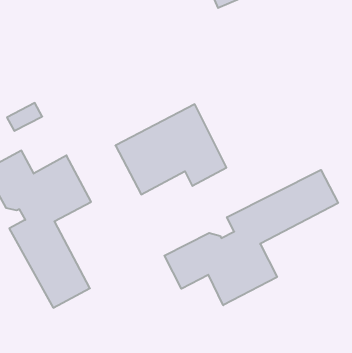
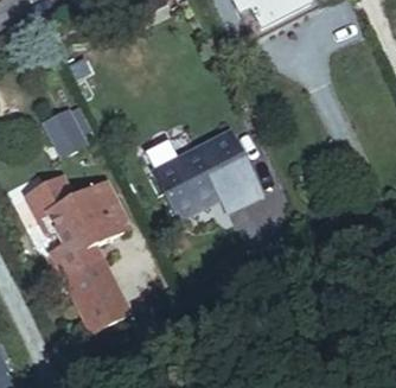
building: [164,170,338,305] -> none

